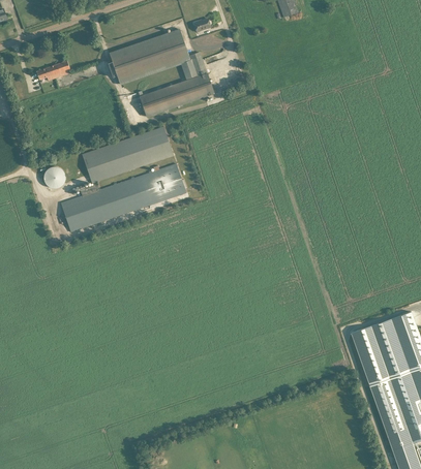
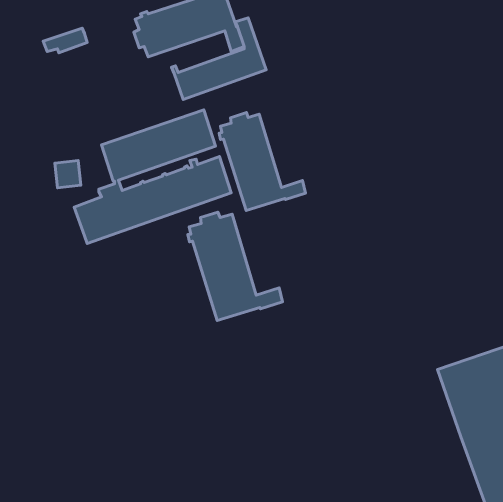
building: none -> [219,113,305,210]
building: none -> [188,212,283,320]

